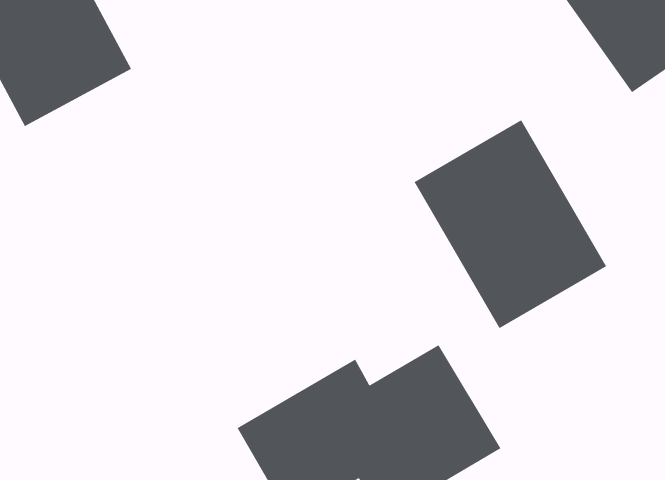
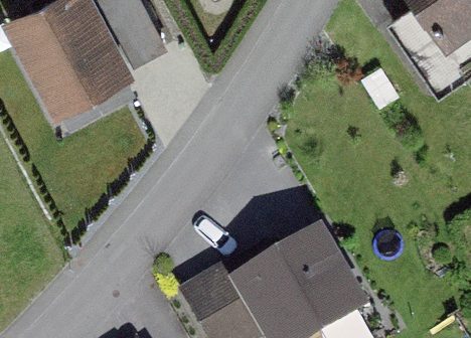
building: [414,119,607,329] -> none

